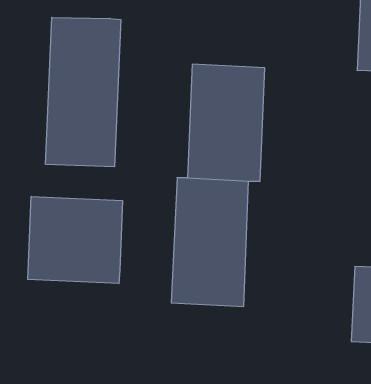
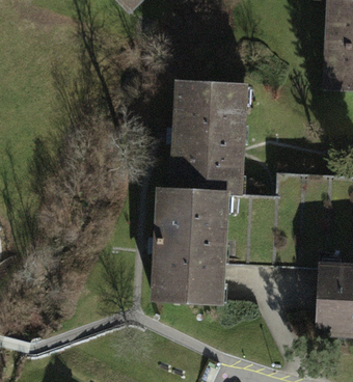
building: [46,17,121,167] -> none
building: [28,196,122,284] -> none

